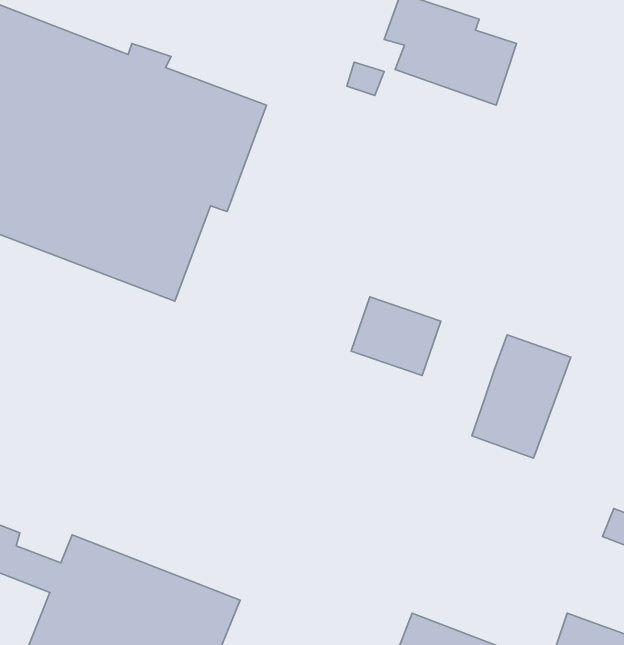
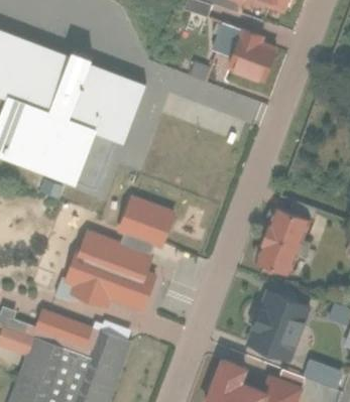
building: [351,297,441,375] -> [122,198,170,241]
building: none -> [70,235,156,313]
building: none -> [244,290,314,364]

